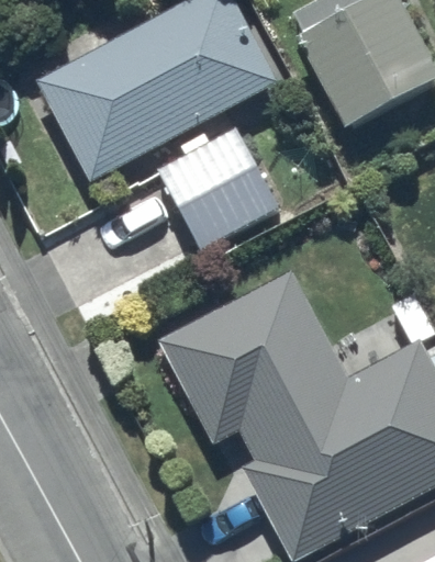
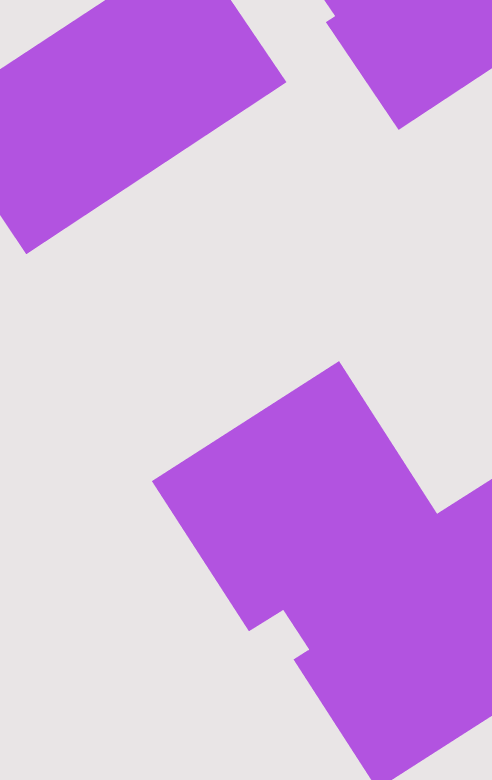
building: [157,127,279,247] -> none

